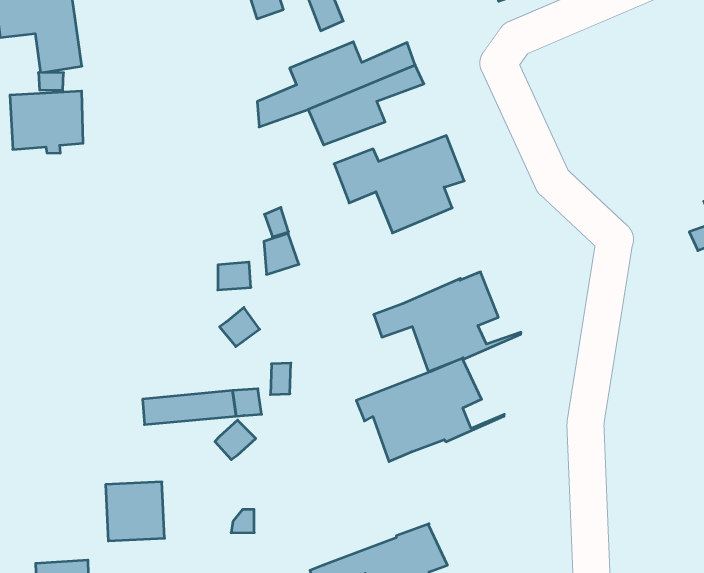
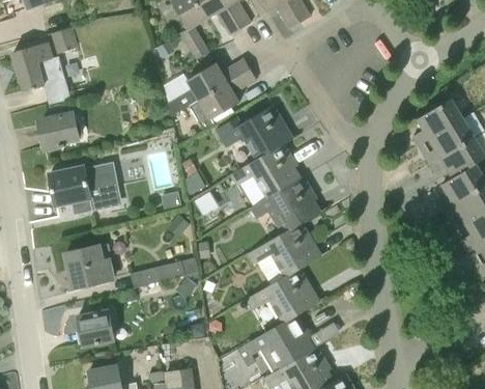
building: none -> [50,163,117,214]
building: none -> [230,133,301,199]
building: none -> [65,245,113,285]
building: none -> [246,269,327,325]
building: [106,482,165,541] -> [78,309,114,345]

